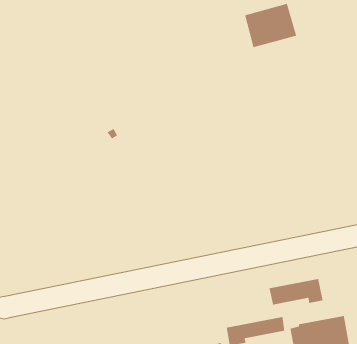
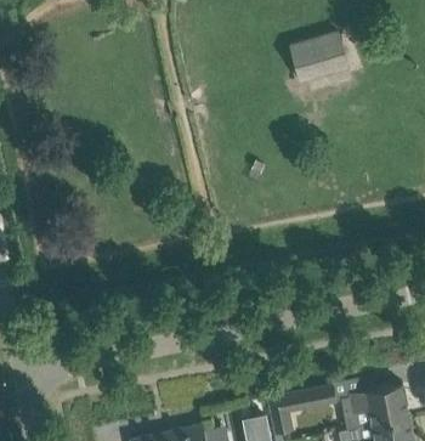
building: [269,278,324,305] -> none

